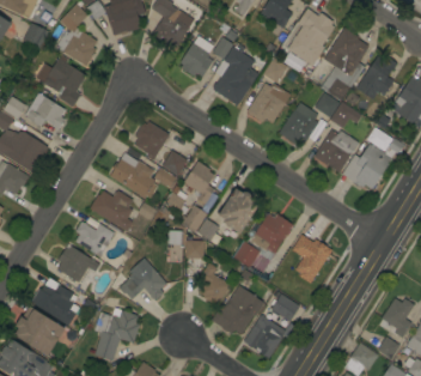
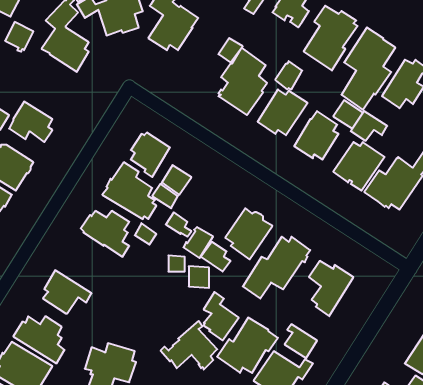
building: [179,35,213,77] -> none
building: [31,54,86,107] -> none
building: [183,160,214,205] -> none
building: [74,222,115,256] -> none
building: [116,257,166,301] -> [161,321,217,370]

